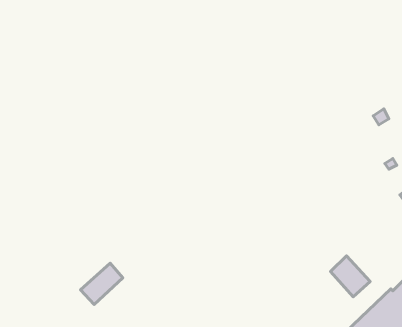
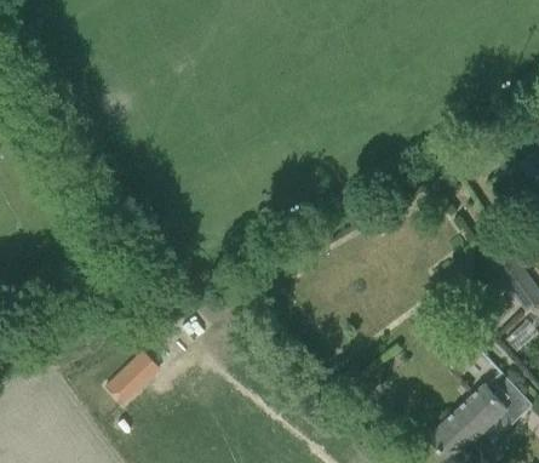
building: [330,256,370,297] -> none

